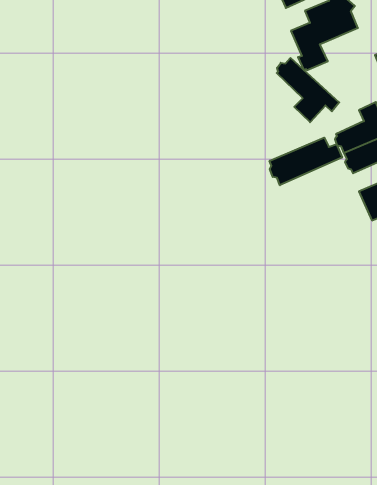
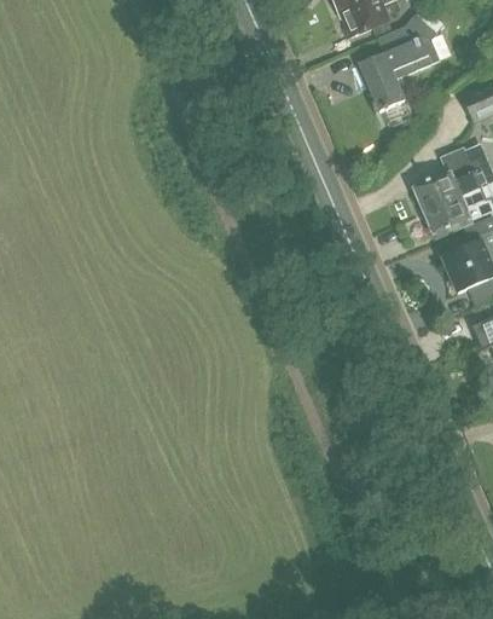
building: [277,58,339,122] -> none
building: [270,138,342,185] -> none

